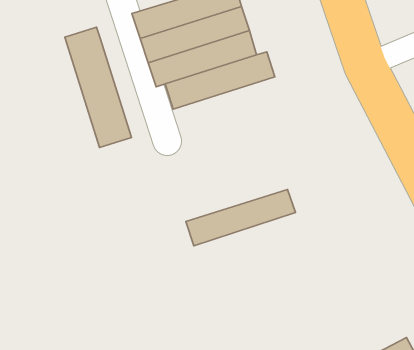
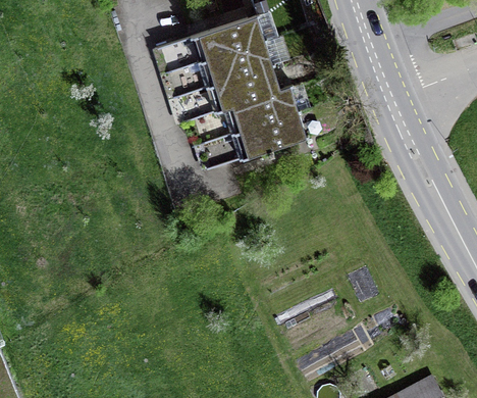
building: [65,27,131,147] -> none
building: [186,189,295,246] -> [194,112,305,169]

